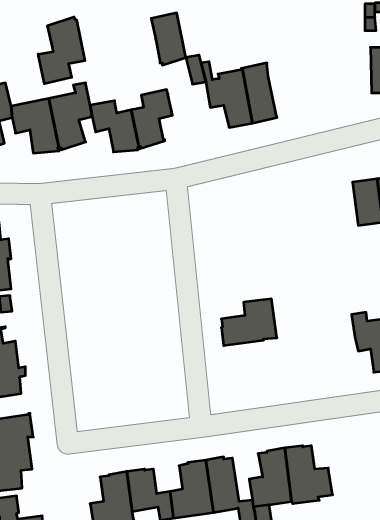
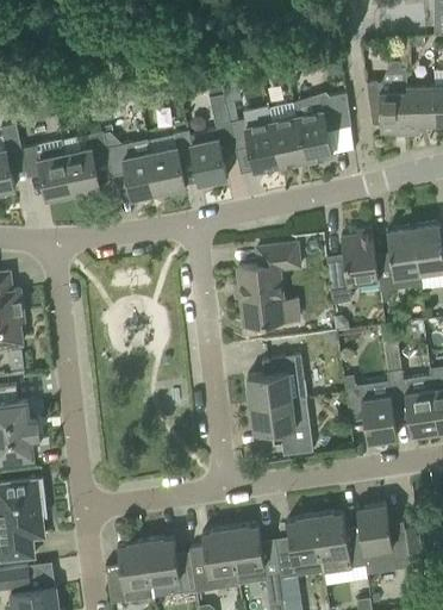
building: [151,13,186,65] -> [189,131,226,187]
building: [38,17,85,84] -> none
building: none -> [366,83,407,136]
building: none -> [295,93,350,162]
building: none -> [326,230,379,305]
building: none -> [237,245,299,326]
building: none -> [344,386,397,443]
building: none -> [249,398,312,456]
building: none -> [356,505,408,574]

